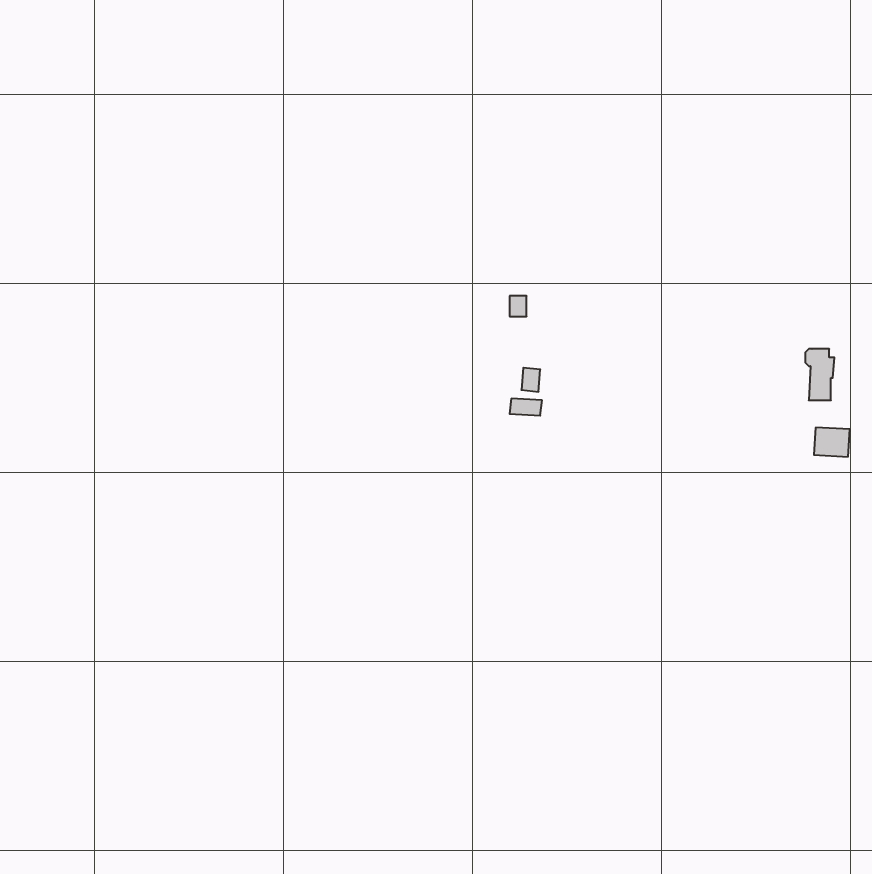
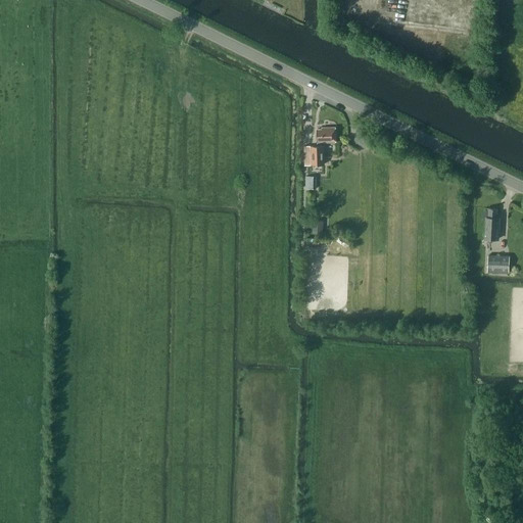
building: none -> [311,127,335,164]

